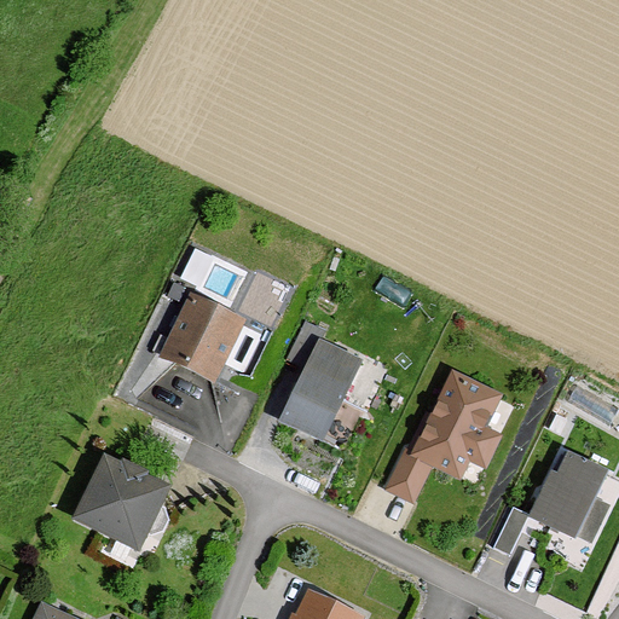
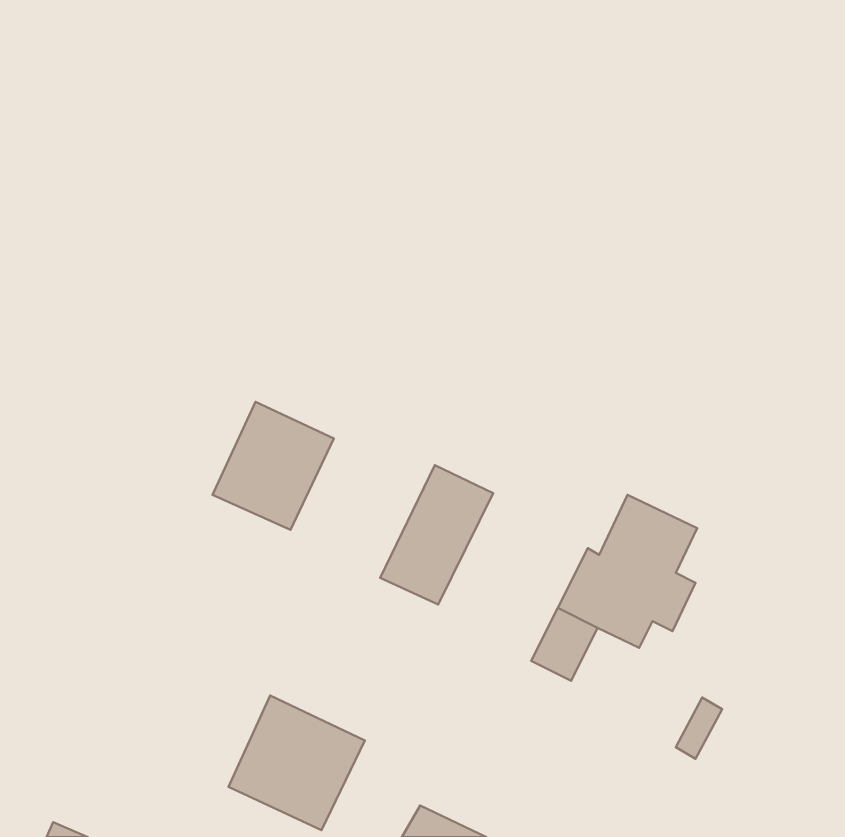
building: [530,449,606,536] -> none
building: [70,452,169,550] -> [229,696,365,830]

